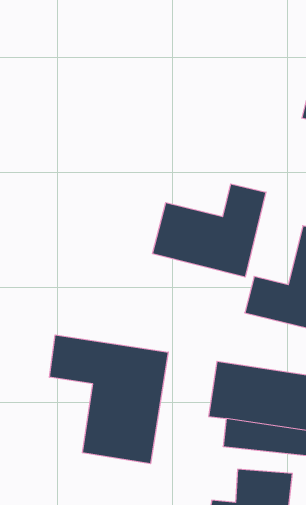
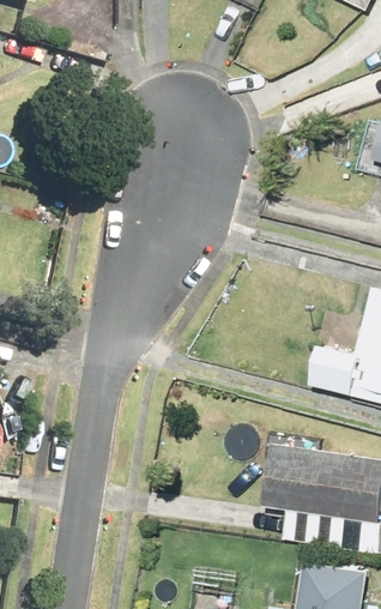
building: [153,184,266,277] -> none
building: [49,335,168,464] -> none

